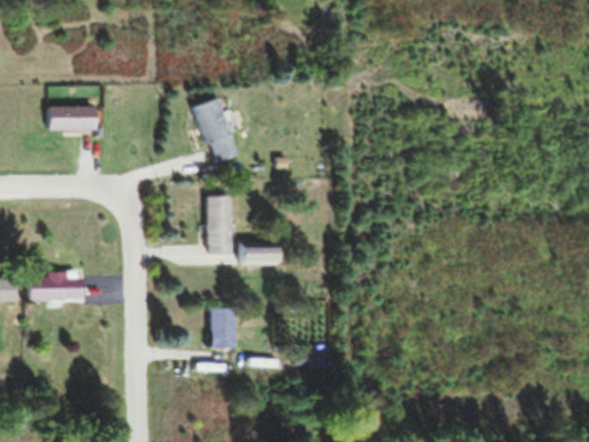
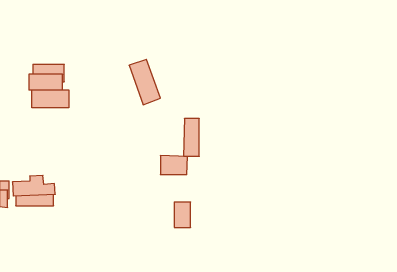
building: none -> [32,90,69,108]
building: [208,194,231,250] -> [184,119,199,156]
building: [210,321,234,359] -> [174,202,191,227]

